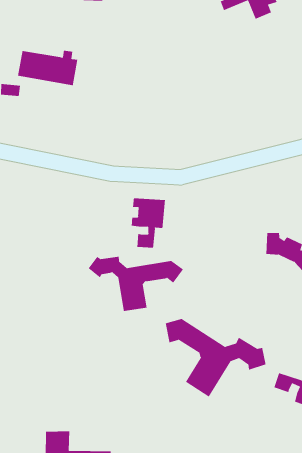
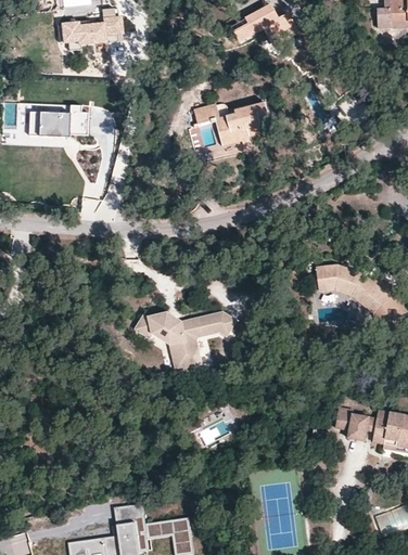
building: none -> [192,101,266,144]
building: [131,198,165,249] -> none
building: [165,318,266,397] -> none

